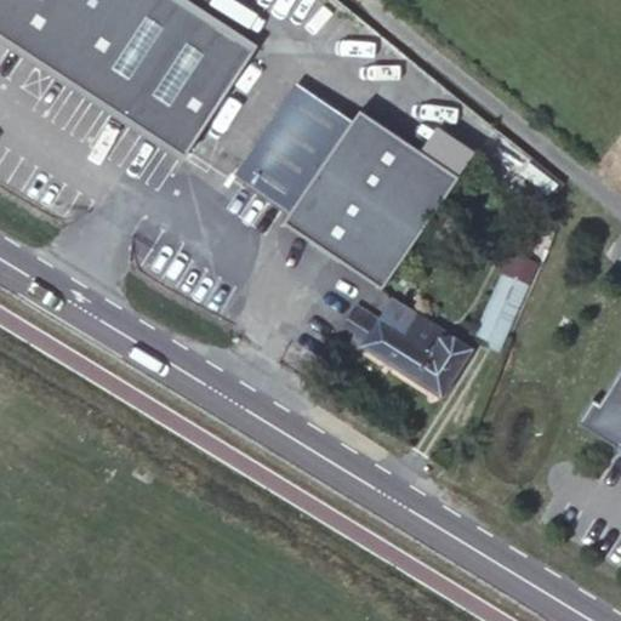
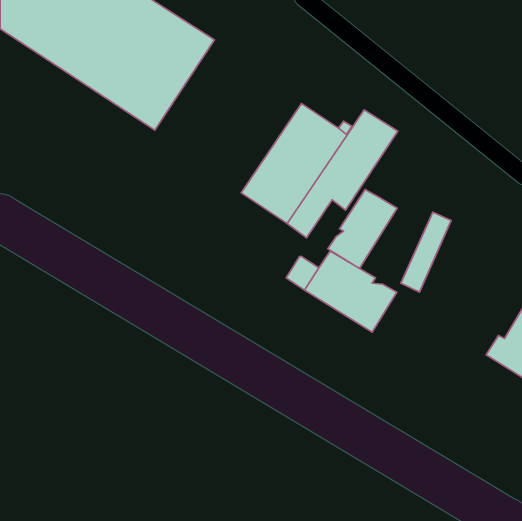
building: [237,81,354,210] -> none
building: none -> [328,189,397,269]

